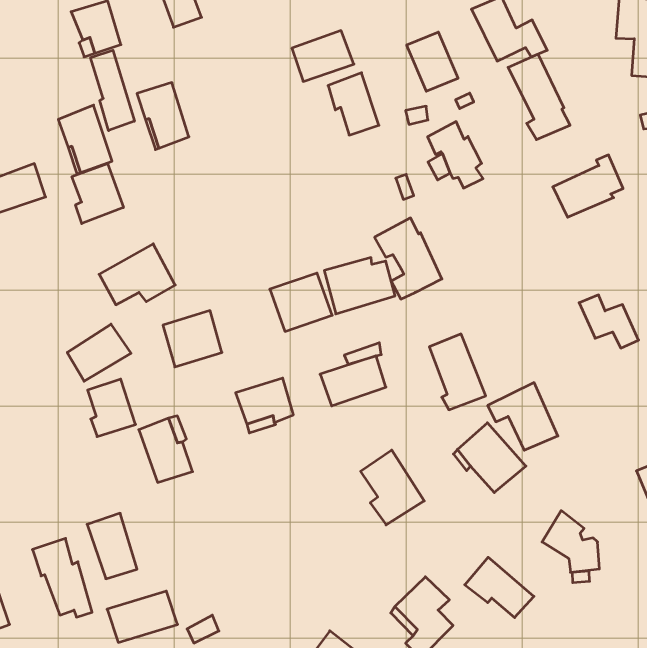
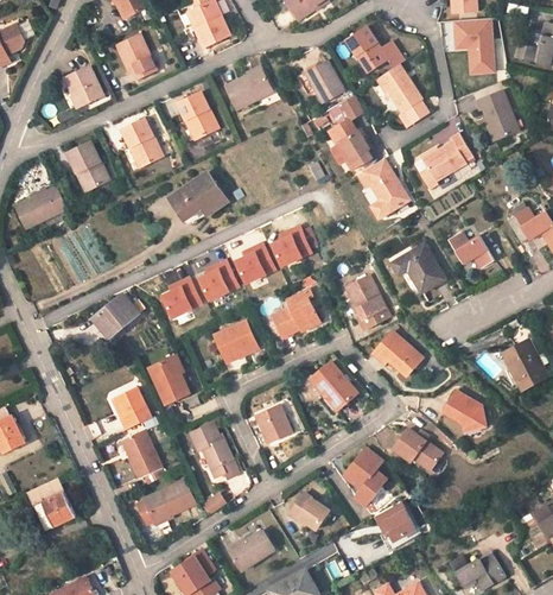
building: [91,50,134,131] -> none
building: [328,73,379,135] -> [177,90,216,135]
building: [72,164,123,224] -> none
building: [375,218,442,299] -> [357,160,408,219]
building: [99,244,175,305] -> [171,173,225,220]
building: none -> [192,258,239,303]
building: [88,379,136,437] -> [114,386,151,429]
building: [488,383,558,450] -> [392,245,444,293]
building: none -> [254,404,290,442]
building: [32,538,92,617] -> [187,420,235,475]

